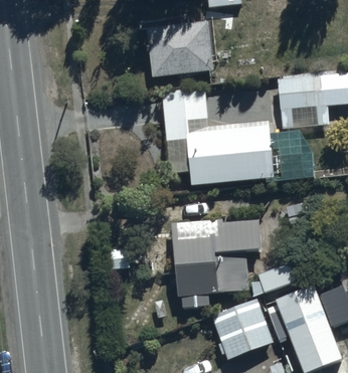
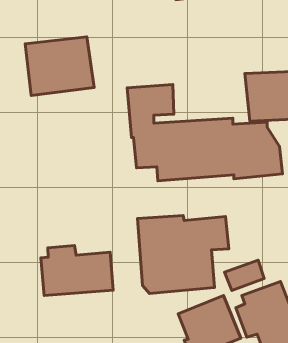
building: [146,21,214,79] -> [25,37,94,96]
building: none -> [41,245,113,295]

